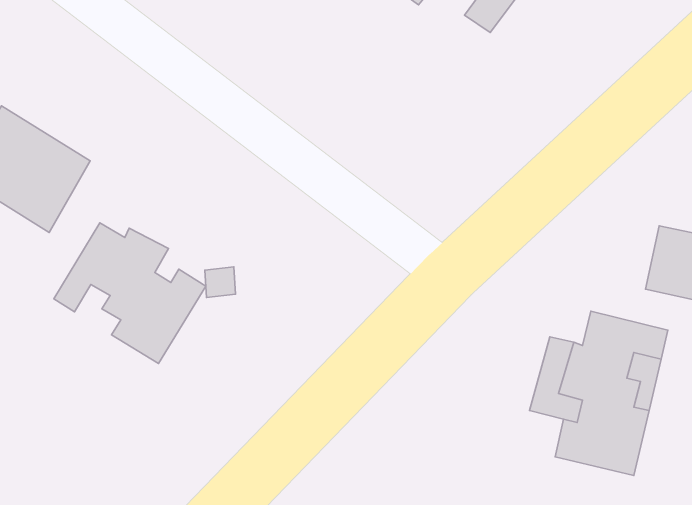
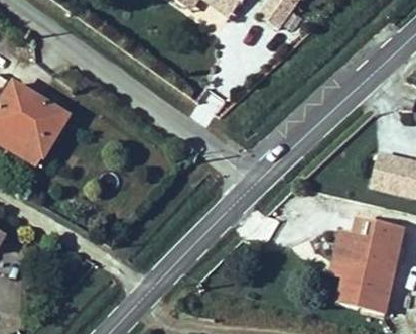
building: [54,223,206,364] -> none

